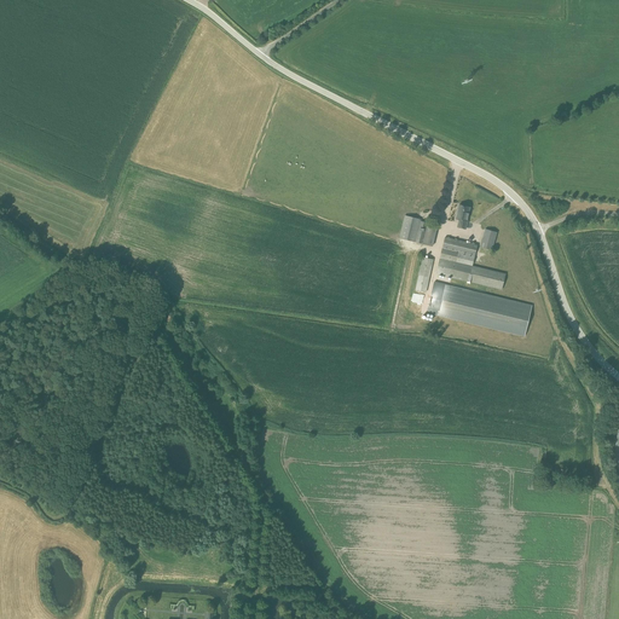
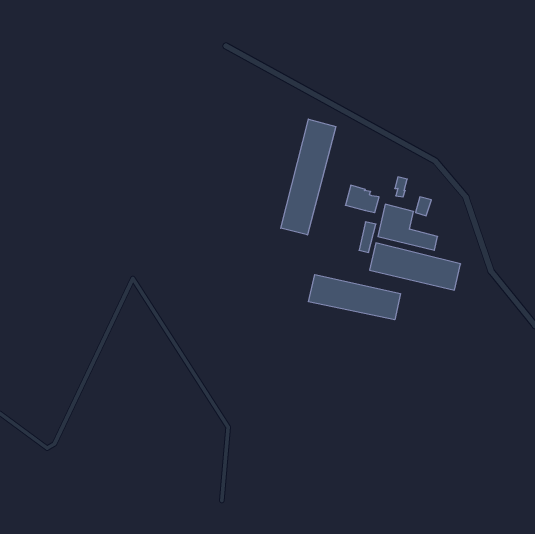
building: none -> [281,119,336,235]
building: none -> [309,275,400,320]

